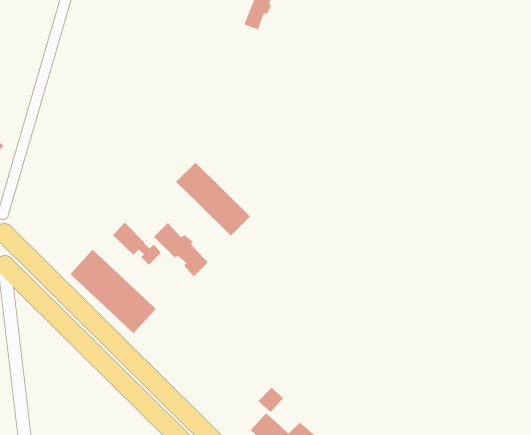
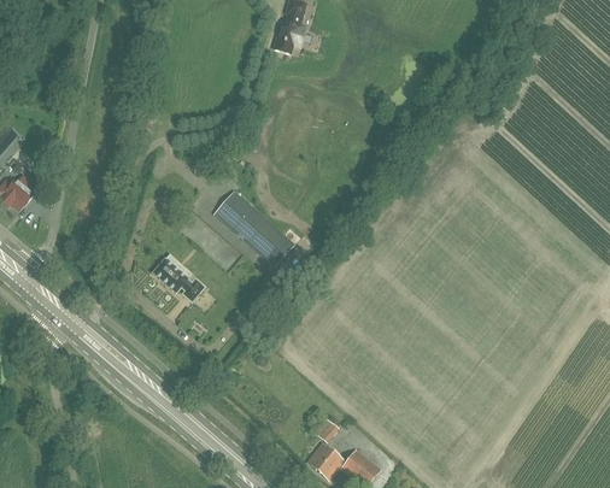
building: [153,222,209,277] -> none
building: [69,249,156,334] -> none

